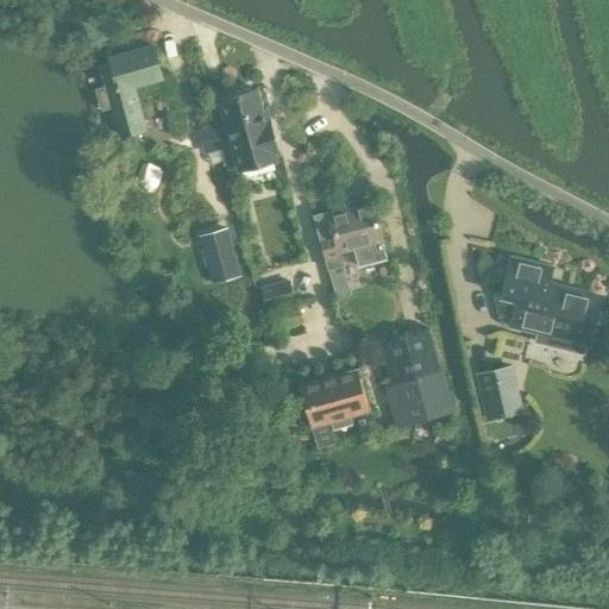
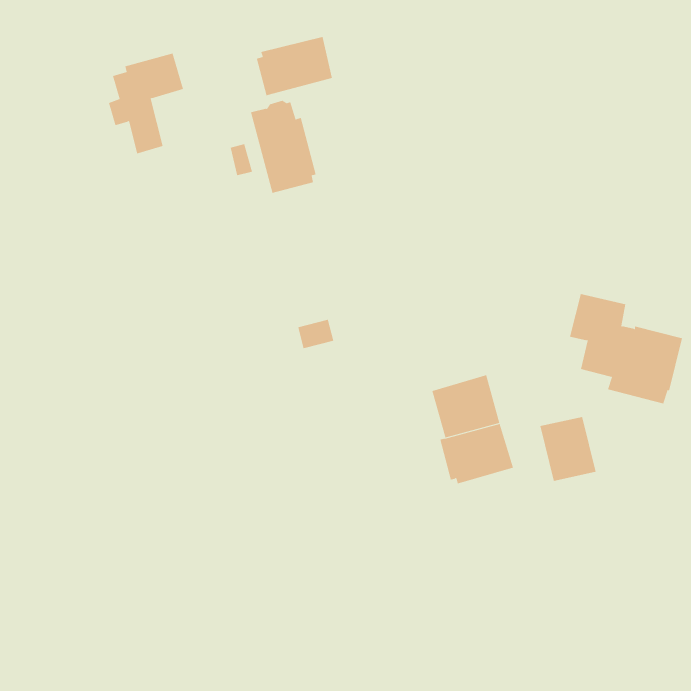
building: none -> [256,36,333,96]
building: [316,203,387,300] -> none
building: [201,230,239,282] -> none
building: [300,370,369,429] -> none

